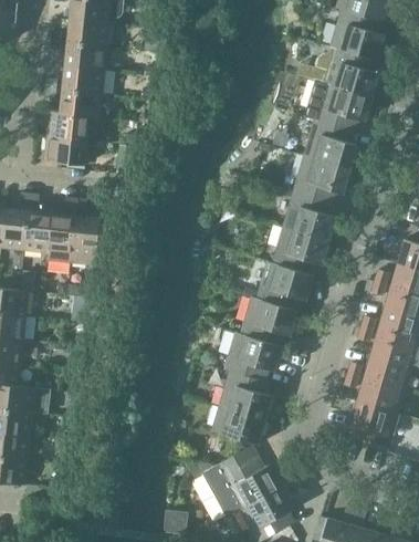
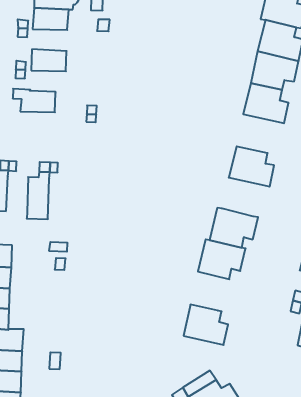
building: [64,43,106,71] -> none
building: [59,91,102,119] -> none
building: [44,137,86,166] -> none
building: [293,156,349,202] -> none
building: [23,211,51,253] -> none
building: [71,217,99,267] -> none
building: [272,228,328,274] -> none
building: [223,333,281,381] -> none
building: [211,407,264,445] -> none

